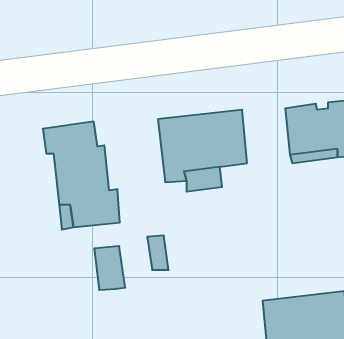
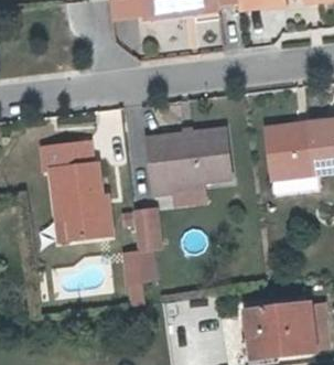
building: [94,246,125,290] -> [134,205,163,246]

